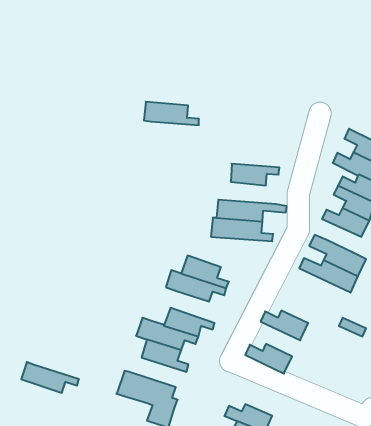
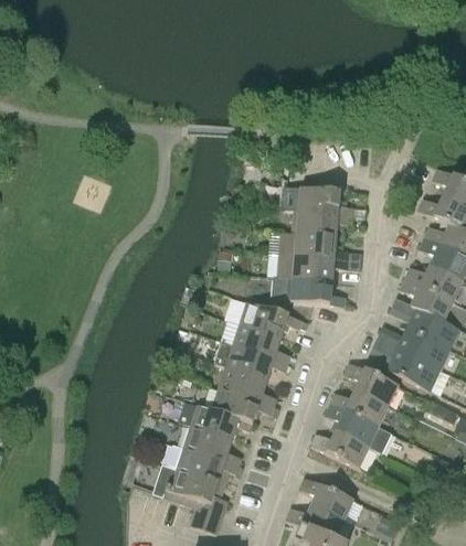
building: [144,102,199,125] -> [285,186,352,215]
building: none -> [277,232,362,263]
building: none -> [399,278,453,320]
building: none -> [240,301,301,338]
building: none -> [370,339,439,389]
building: none -> [343,362,398,406]
building: none -> [219,366,276,406]
building: none -> [325,404,392,453]
building: [21,362,79,393] -> [168,445,239,482]
building: none -> [299,477,361,523]

